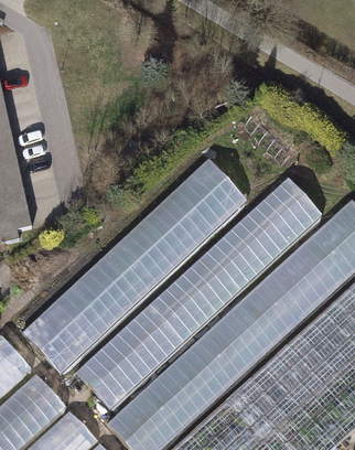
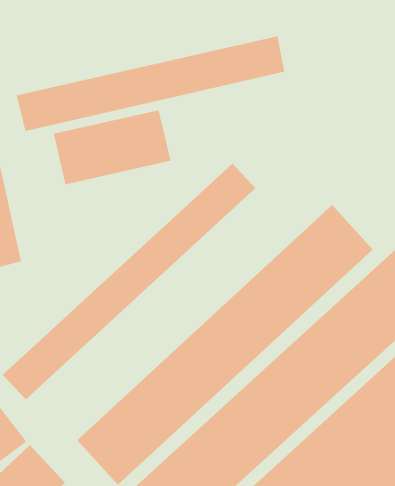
building: none -> [16,35,285,132]
building: none -> [53,109,171,185]
building: [36,169,251,372] -> none

